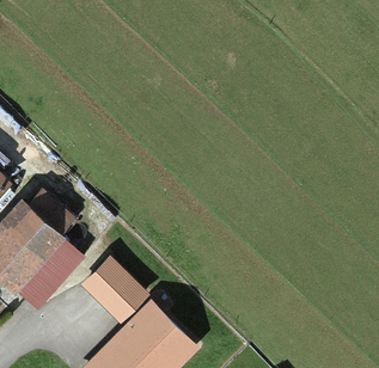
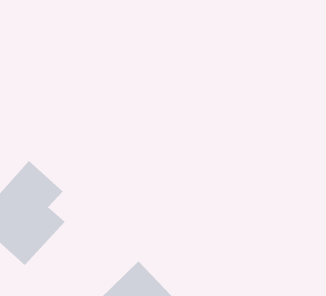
building: [90,254,157,321] -> none

